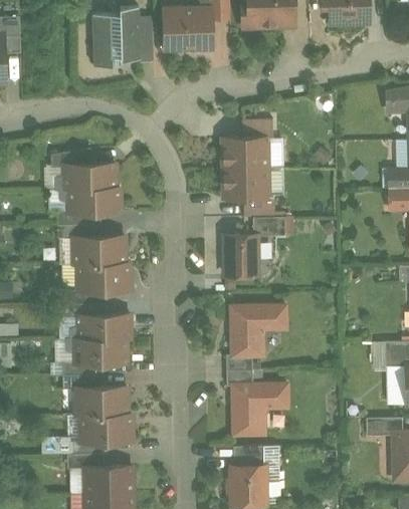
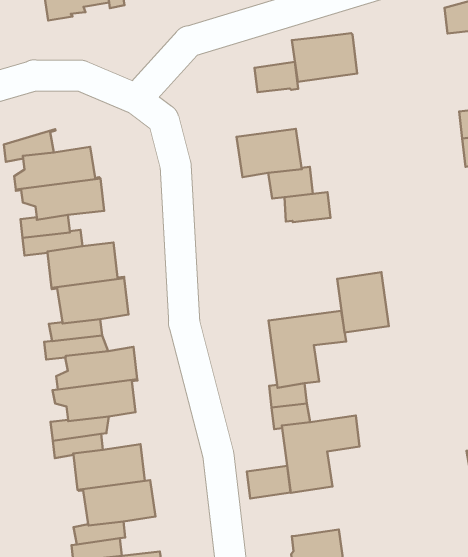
building: [222,138,267,169] -> [292,33,357,82]
building: [224,235,258,276] -> [337,272,389,332]
building: [233,446,263,467] -> [247,466,290,499]

